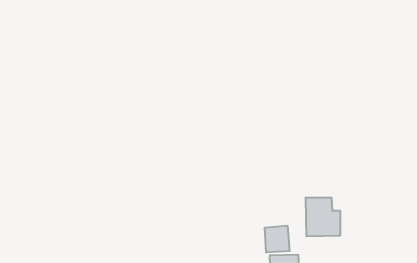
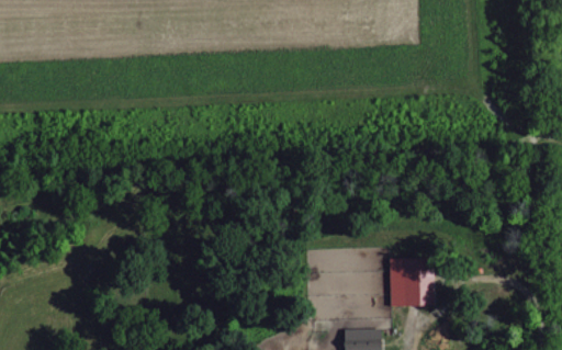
building: [265,226,290,253] -> none

